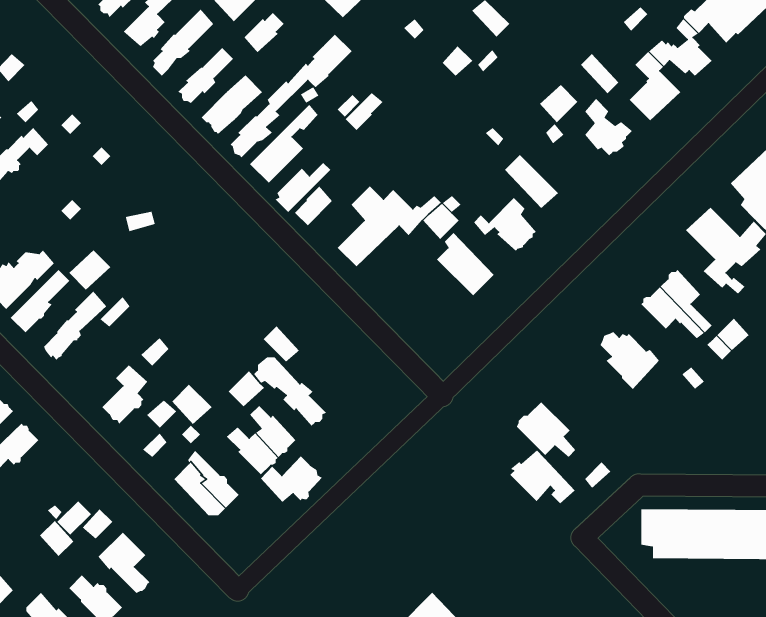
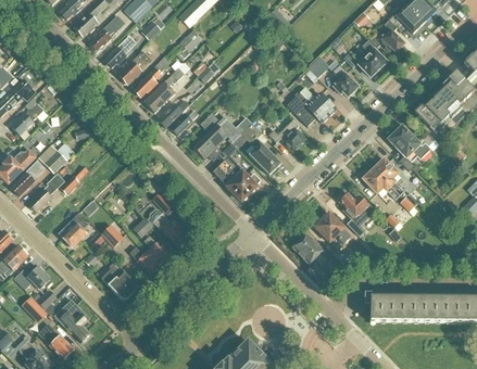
building: none -> [296,87,335,120]
building: none -> [12,97,43,133]
building: none -> [213,142,261,201]
building: [509,450,576,504] -> [315,212,352,242]
building: [260,455,323,503] -> none
building: none -> [14,266,51,289]

